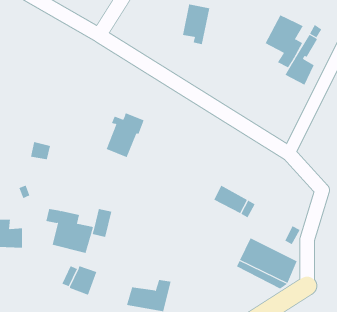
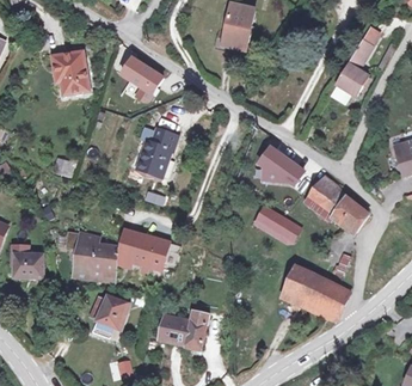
building: [265,14,303,68] -> none
building: none -> [48,51,84,93]
building: none -> [119,56,161,99]
building: none -> [259,148,302,185]
building: none -> [308,176,368,228]
building: none -> [135,235,167,270]

